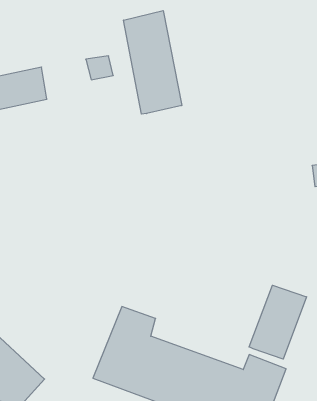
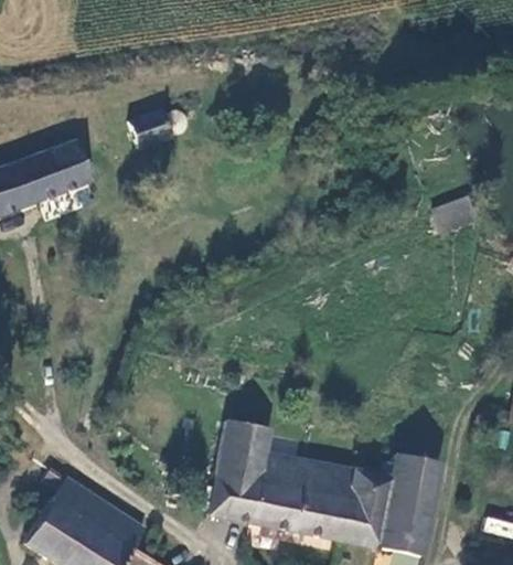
building: [124,11,182,114] -> none
building: [249,285,307,359] -> none

